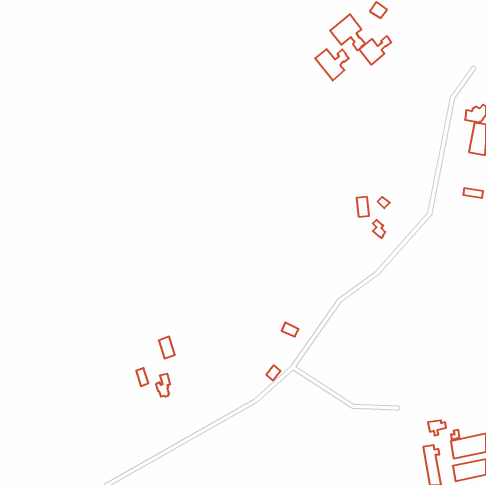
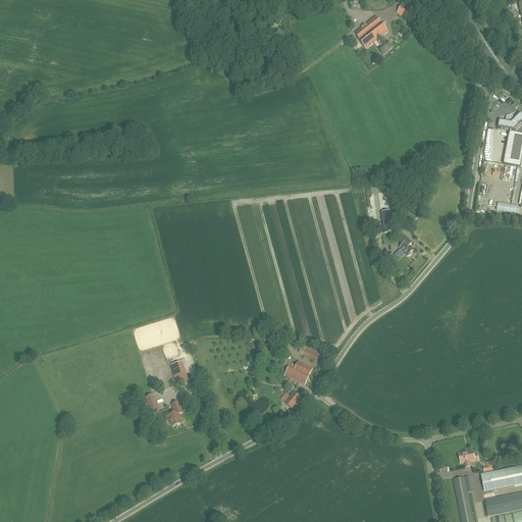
building: [359,36,391,65] -> none
building: [315,49,349,81] -> none
building: none -> [284,361,313,384]

